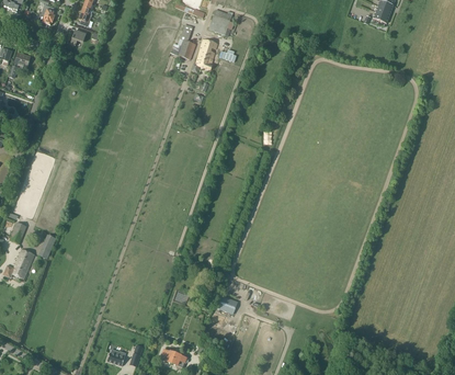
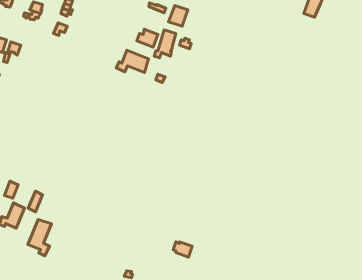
building: none -> [116,50,149,72]
building: none -> [28,220,51,256]

